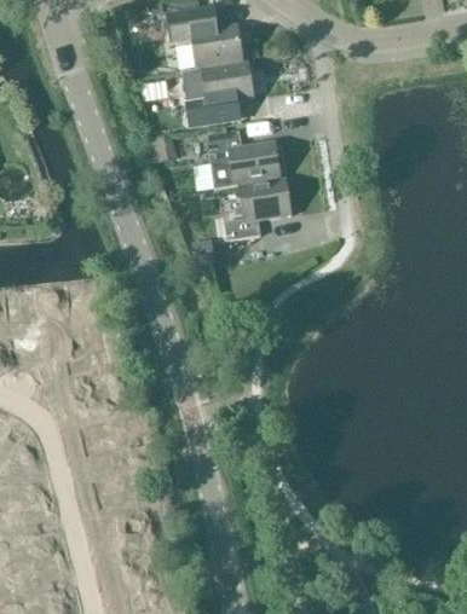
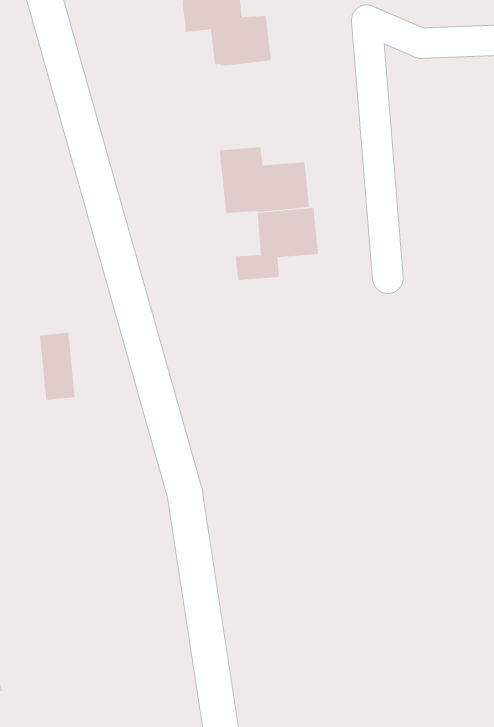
building: [181,60,254,123] -> none

